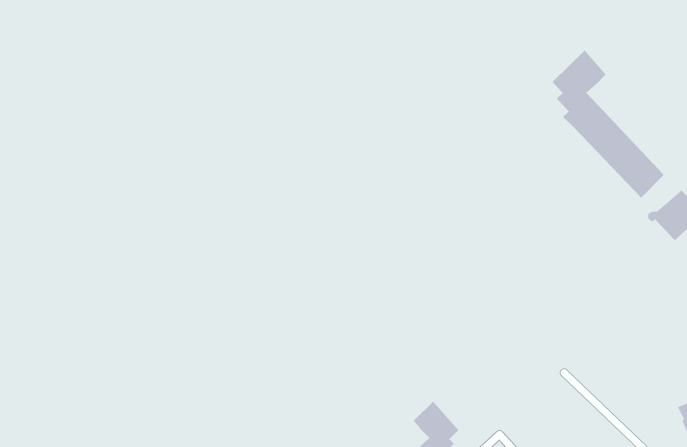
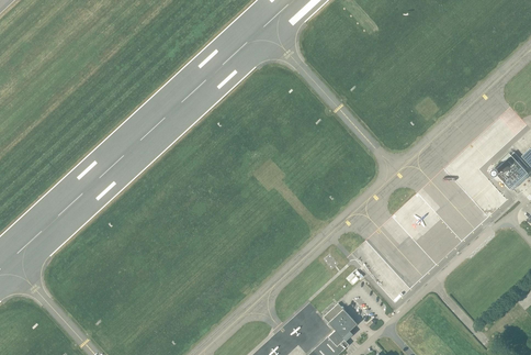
building: [552,50,664,199] -> none

